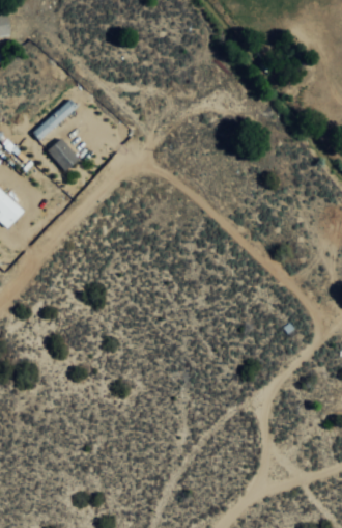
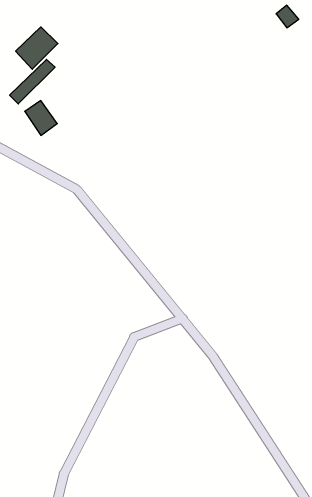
building: none -> [16,27,58,69]

